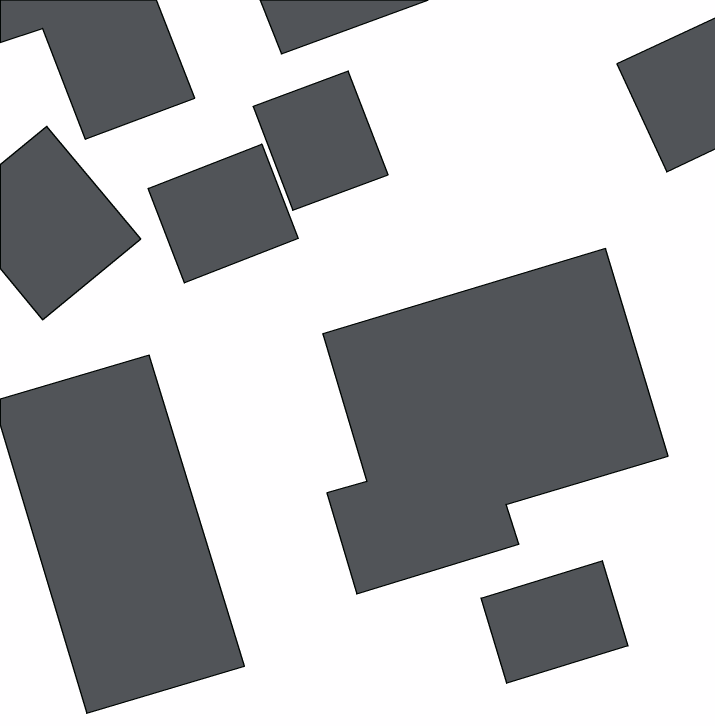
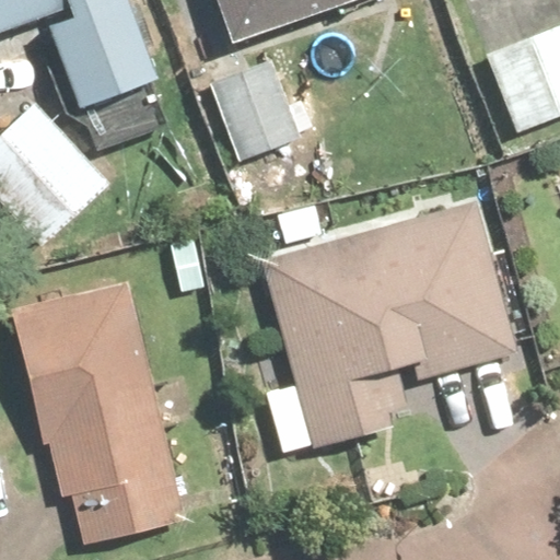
building: [148,144,298,283] -> none
building: [481,561,628,683] -> none

